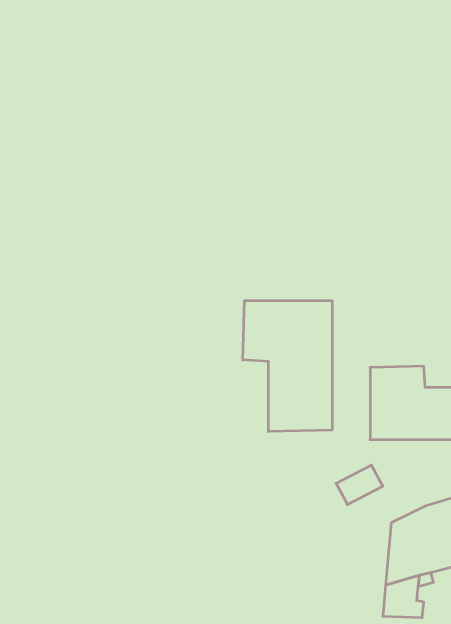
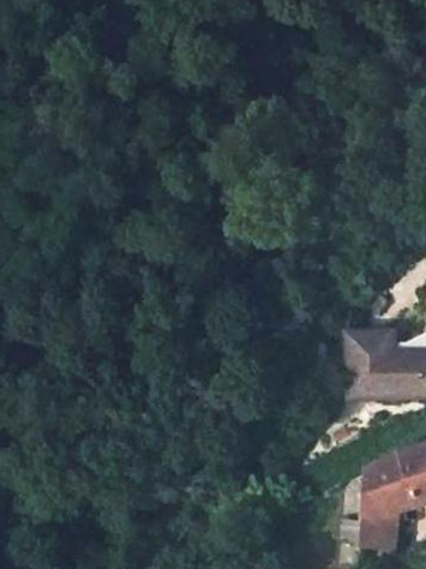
building: [243,301,332,432] -> none

